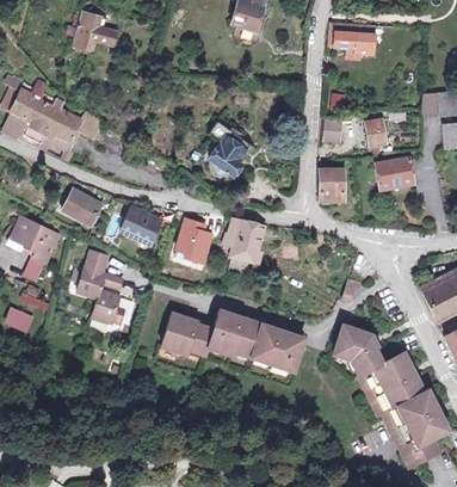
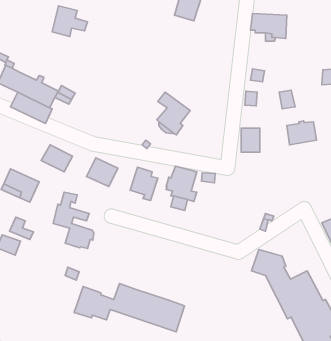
building: [161,309,303,371] -> [74,284,184,332]

